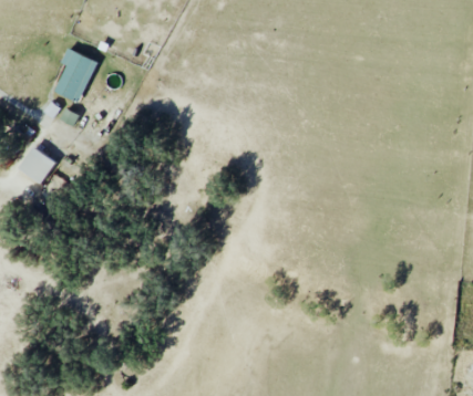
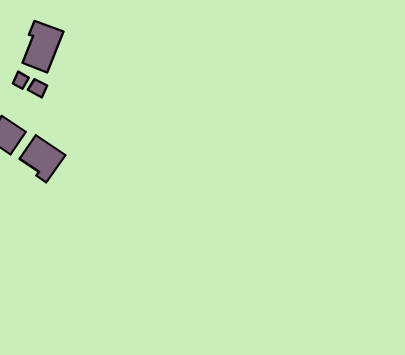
building: none -> [20,135,65,183]

